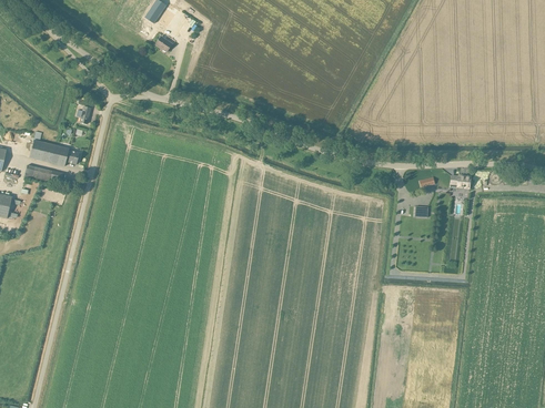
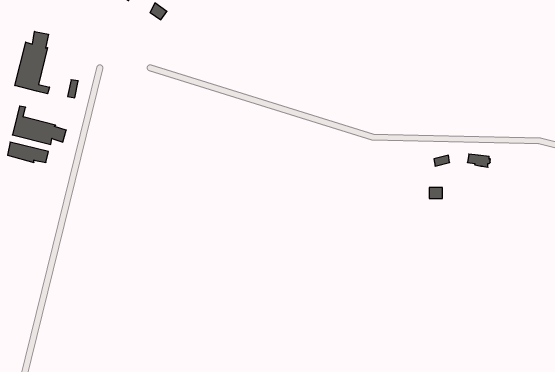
building: none -> [15,31,49,94]

